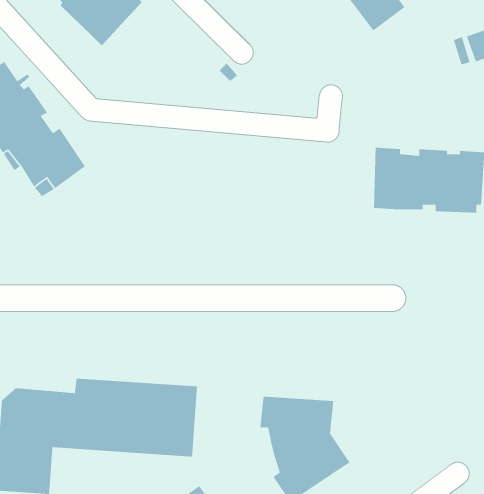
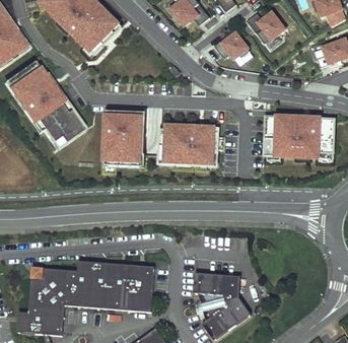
building: none -> [214,32,251,59]
building: none -> [106,113,143,166]
building: none -> [159,128,218,166]

